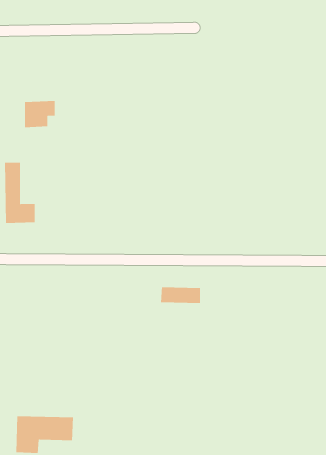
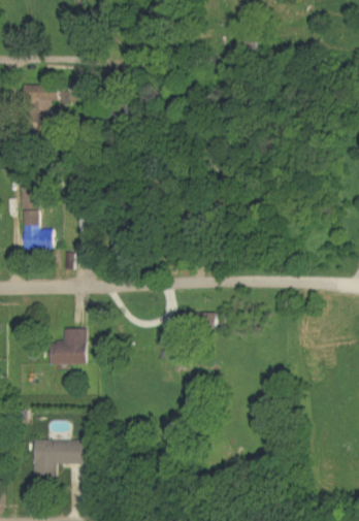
building: [24,101,55,128] -> [27,84,58,110]
building: none -> [50,328,87,364]

